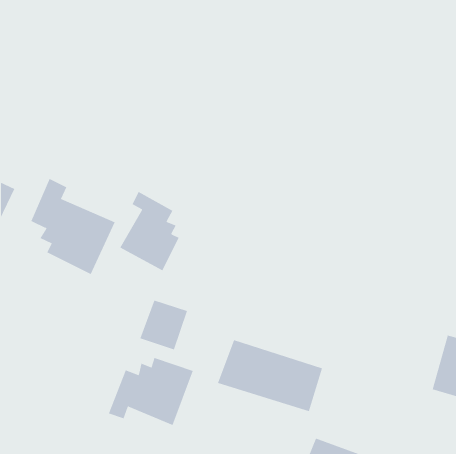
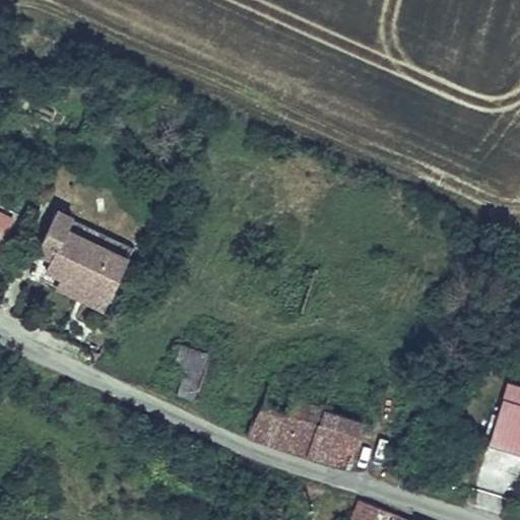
building: [119,191,179,271] -> none
building: [108,357,193,426] -> none

